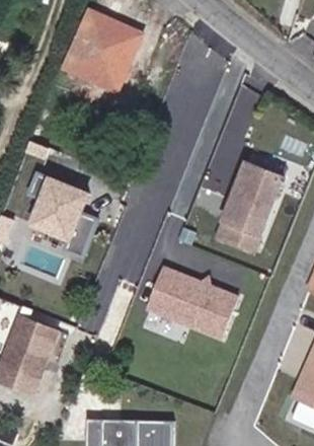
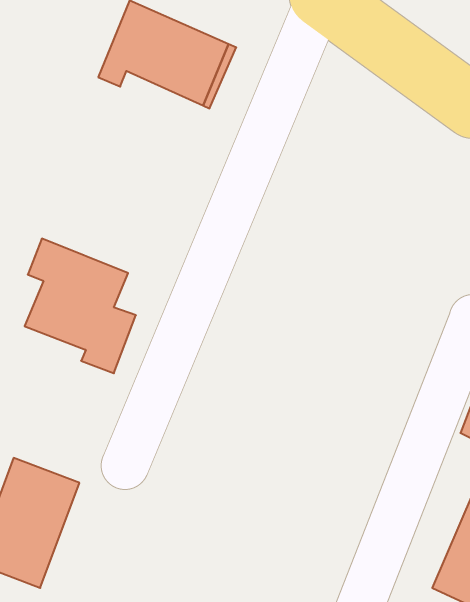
building: [214,165,281,253] -> none
building: [143,270,232,340] -> none

